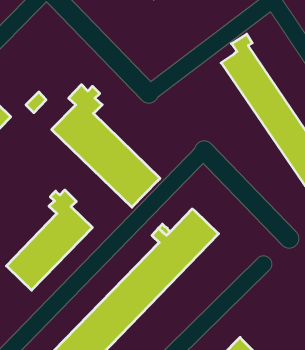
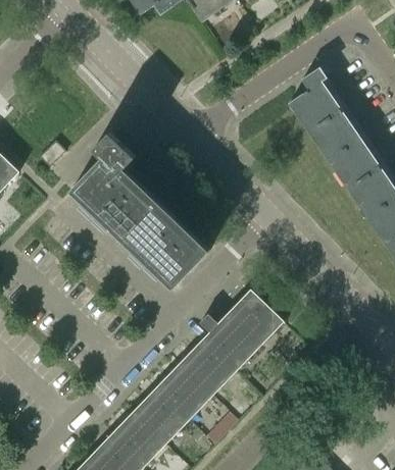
building: [6,190,92,290] -> none

